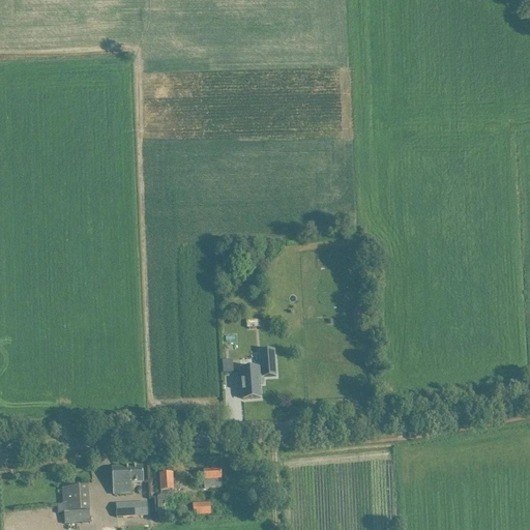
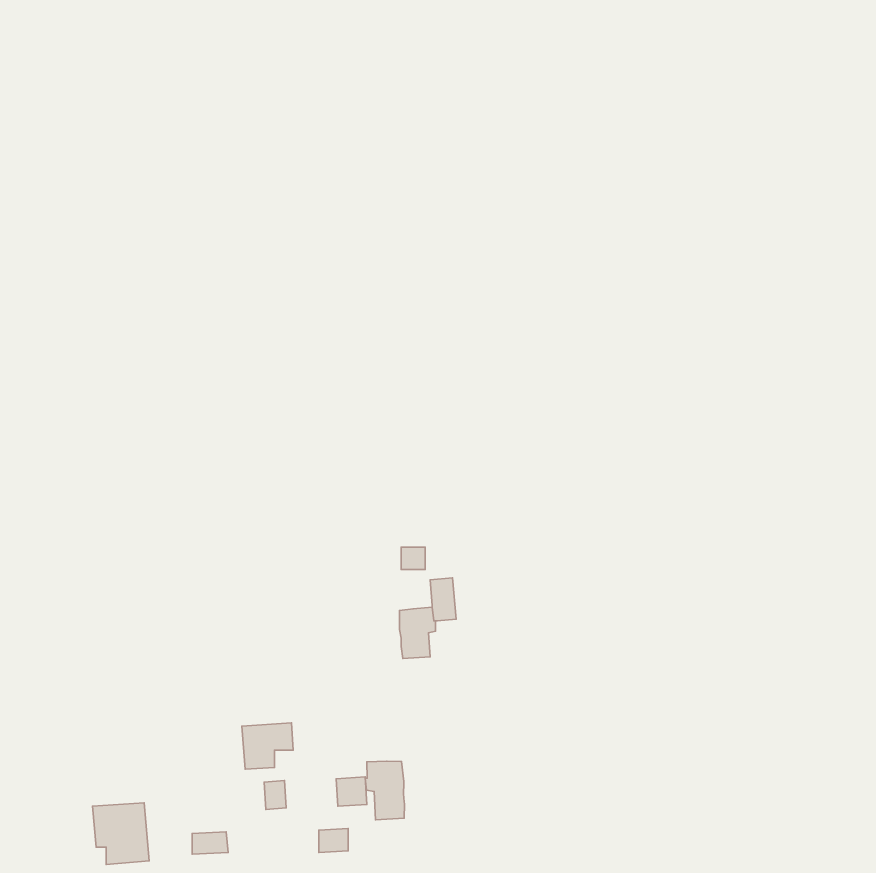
building: none -> [365,761,404,820]
building: [112,465,143,493] -> [242,723,293,769]

